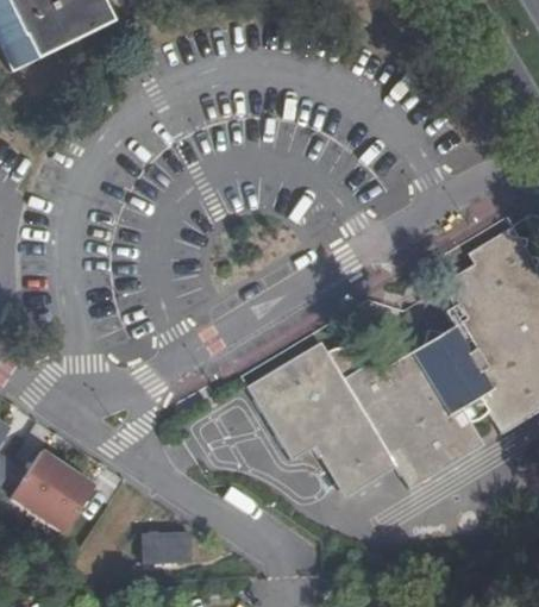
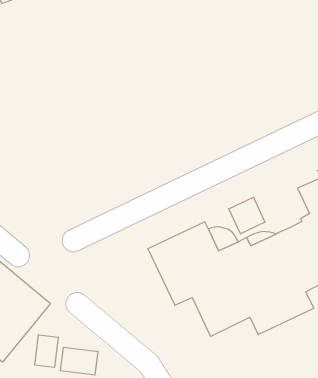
building: none -> [229,197,265,234]
building: none -> [35,335,58,367]

